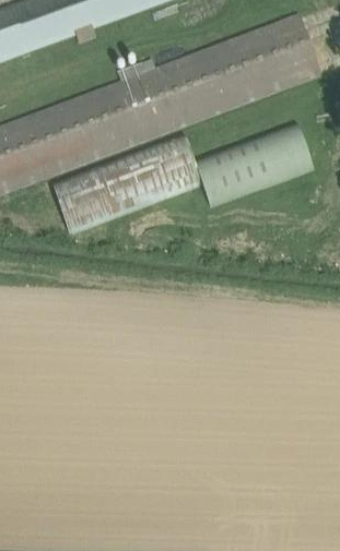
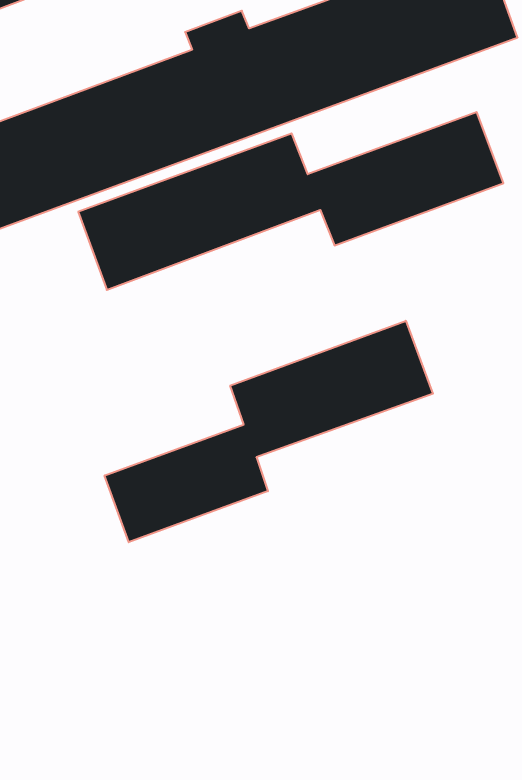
building: none -> [105,321,433,542]

